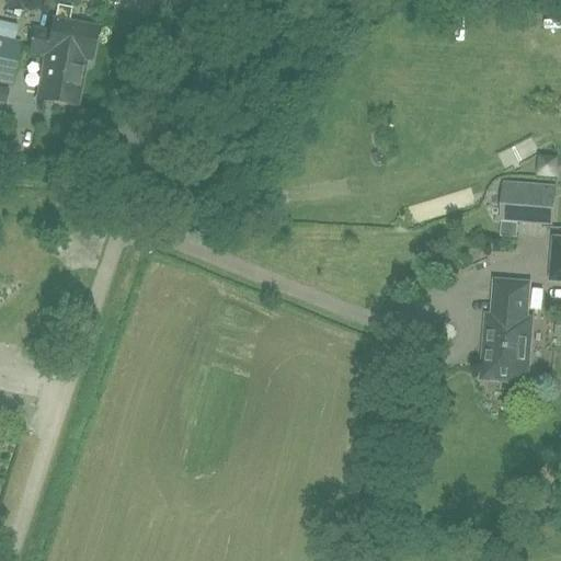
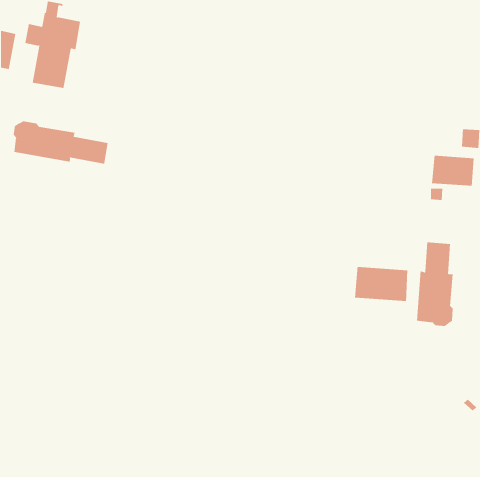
building: none -> [13,120,108,164]
building: none -> [355,266,408,302]

